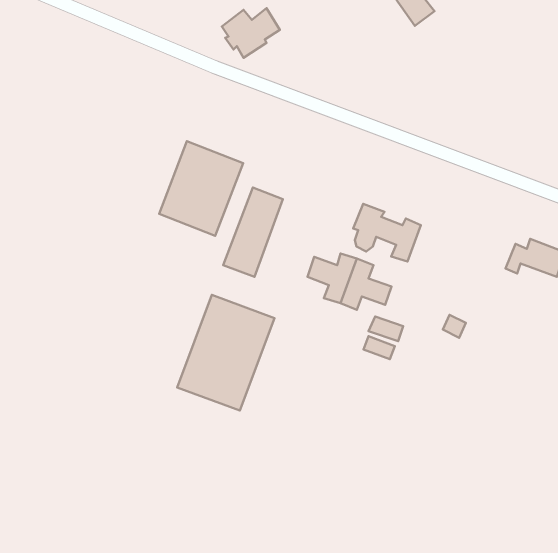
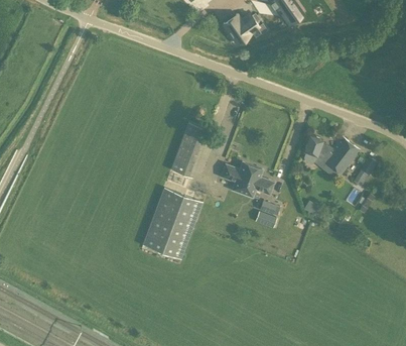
building: [222,8,280,58] -> [222,13,257,43]
building: [159,141,243,236] -> none
building: [353,204,421,261] -> [302,135,344,170]

